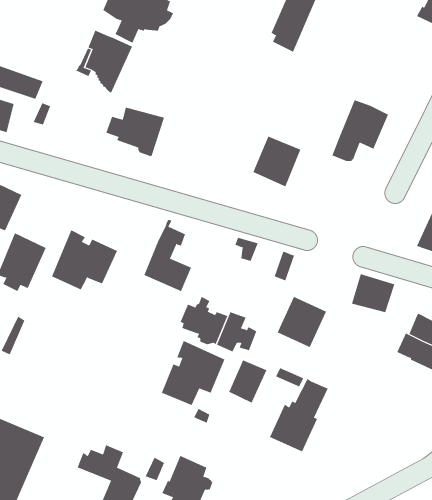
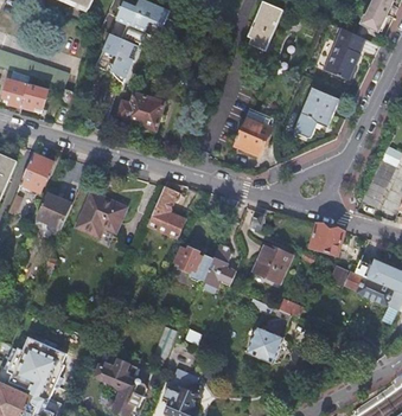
building: none -> [325,26,363,77]
building: [161,340,225,406] -> none
building: [229,359,267,404] -> none

